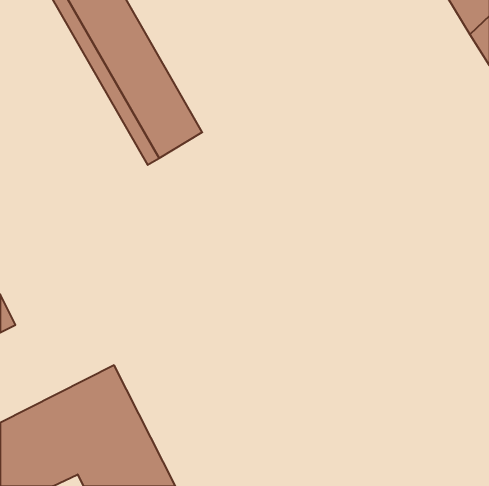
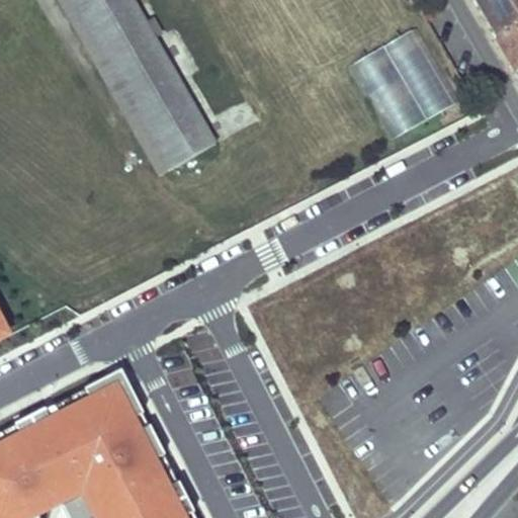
building: none -> [350,28,456,139]

